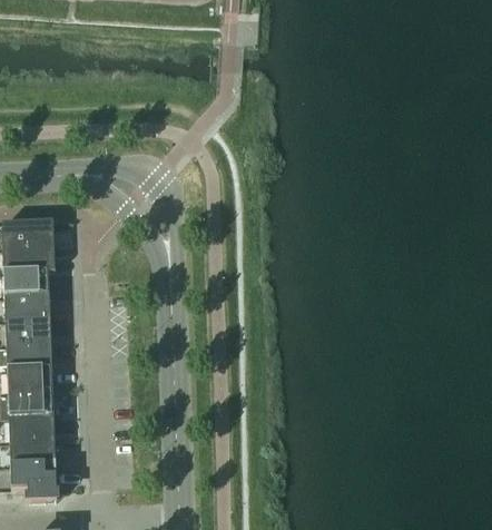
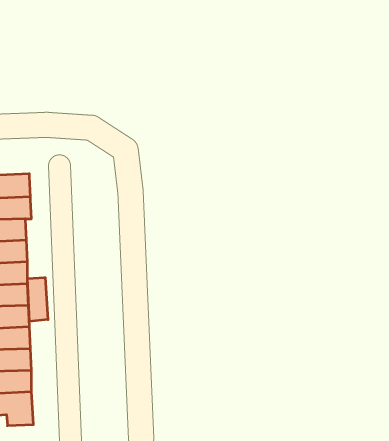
building: none -> [27,278,48,321]

